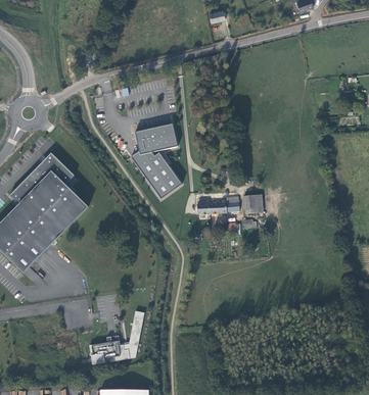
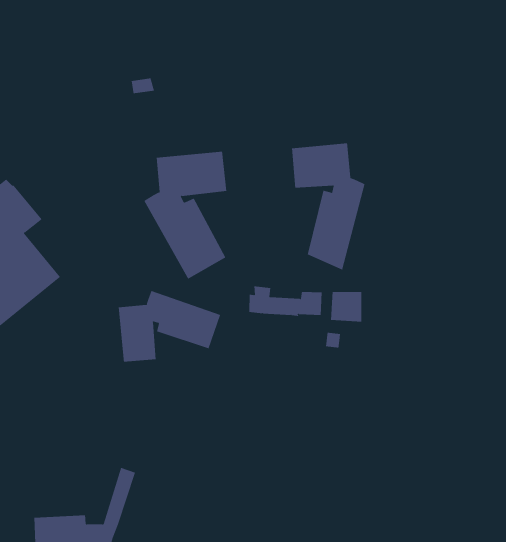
building: none -> [292,143,365,271]
building: none -> [118,290,221,363]

